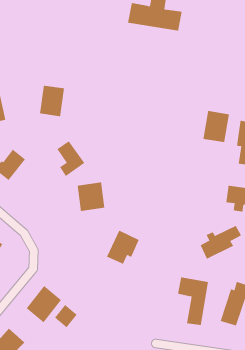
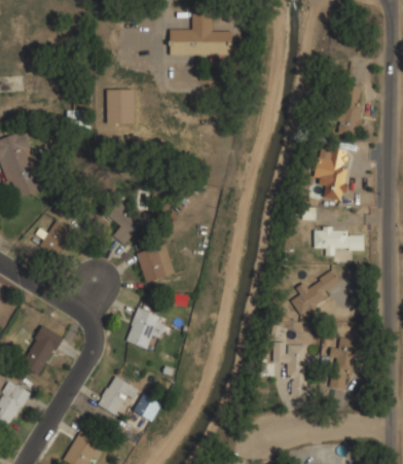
building: [39,85,65,117] -> [107,90,133,123]
building: [203,110,229,143] -> none
building: [106,230,140,265] -> [126,309,162,349]

